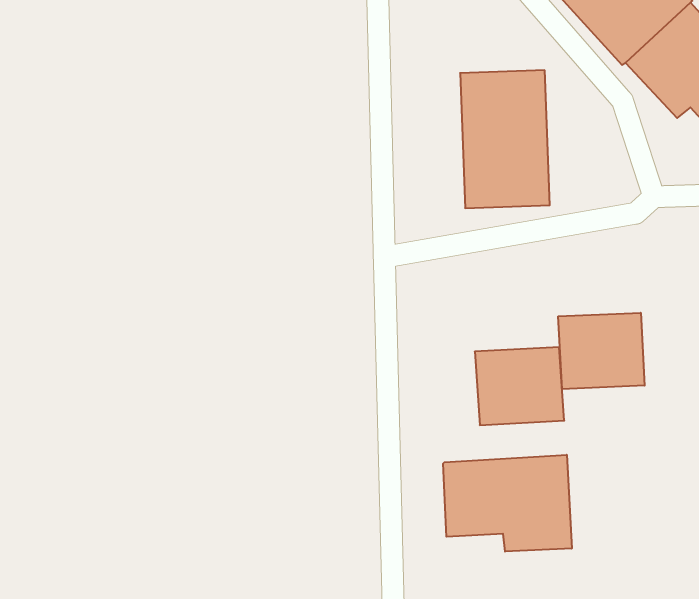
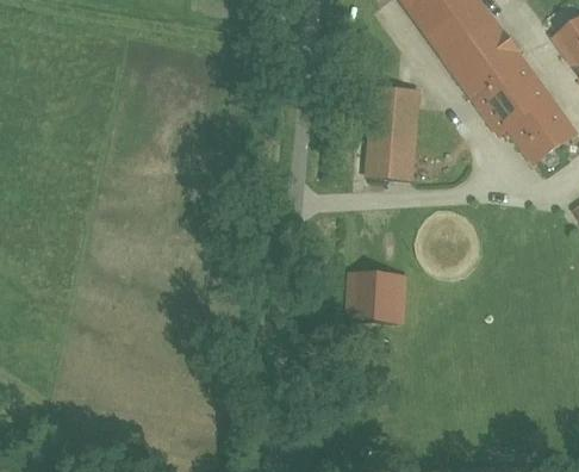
building: [558,313,645,389] -> none
building: [443,455,572,552] -> none

